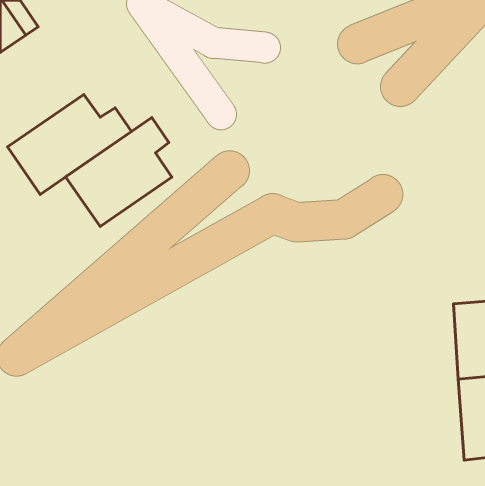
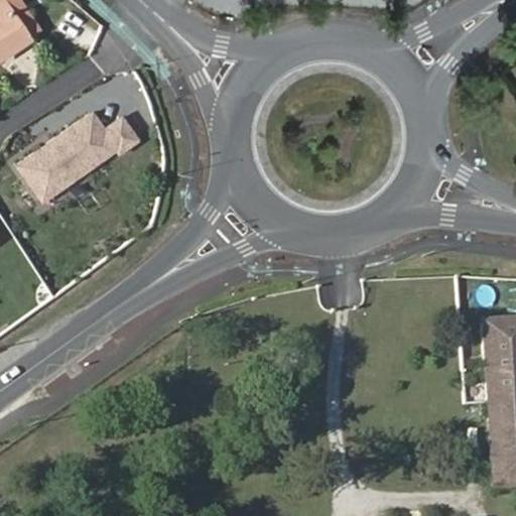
building: [66,118,172,227] -> none

